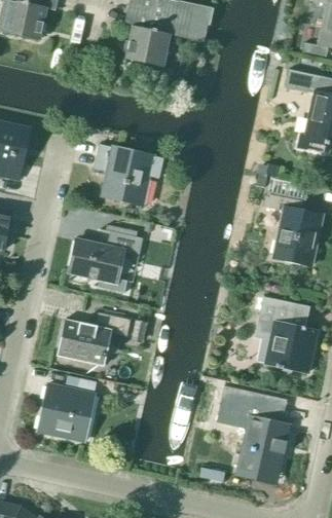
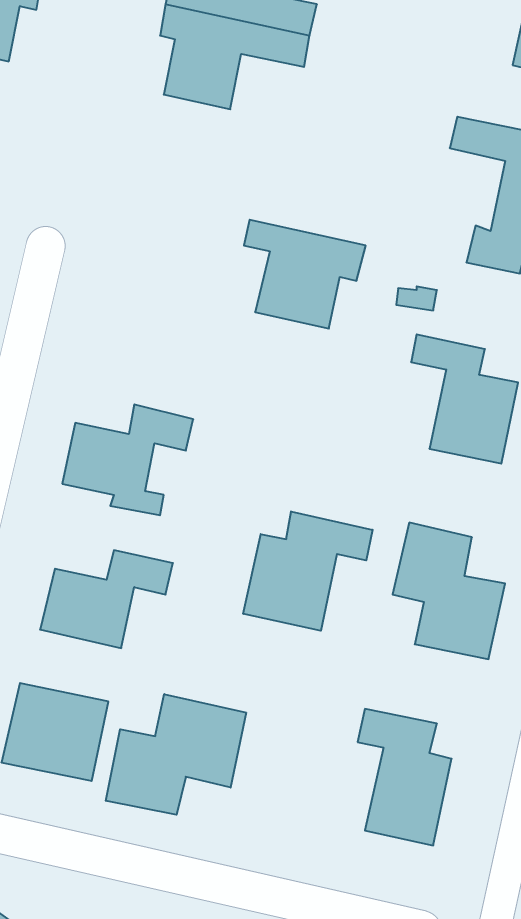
building: [96,144,163,205] -> [244,220,366,329]
building: none -> [243,511,373,631]
building: none -> [106,694,246,815]

